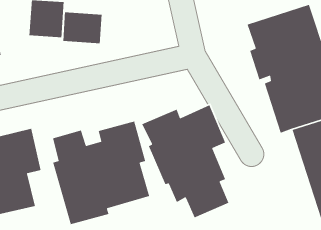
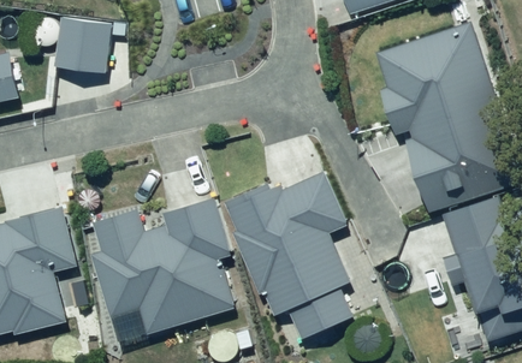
building: [62,12,102,44] -> none

